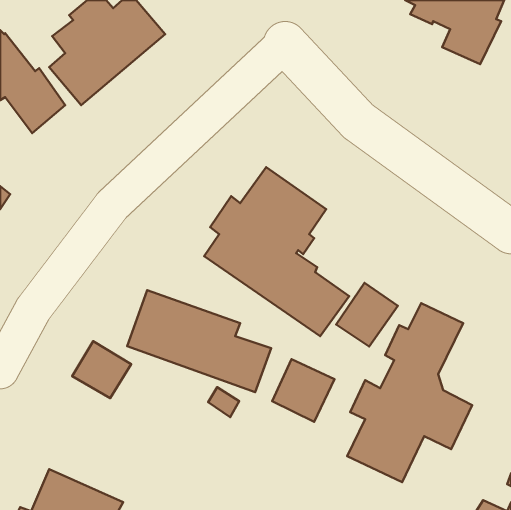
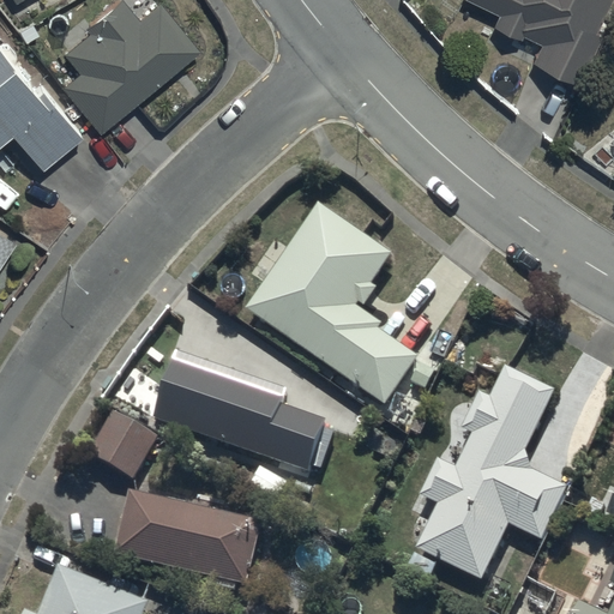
building: [336,283,398,346] -> none
building: [272,359,334,422] -> none
building: none -> [113,489,261,585]

